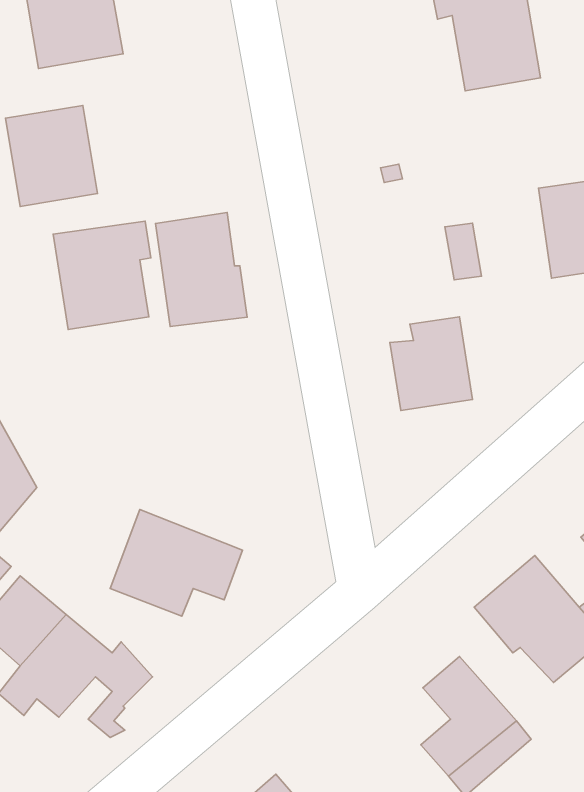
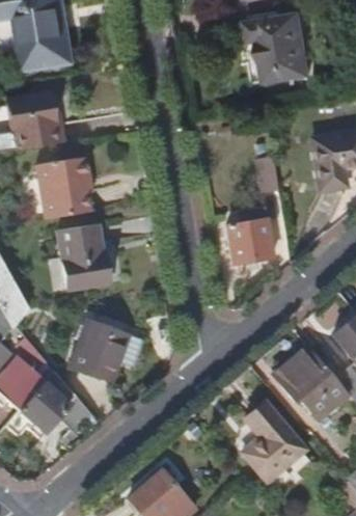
building: [155,212,247,326] -> [59,223,111,288]

